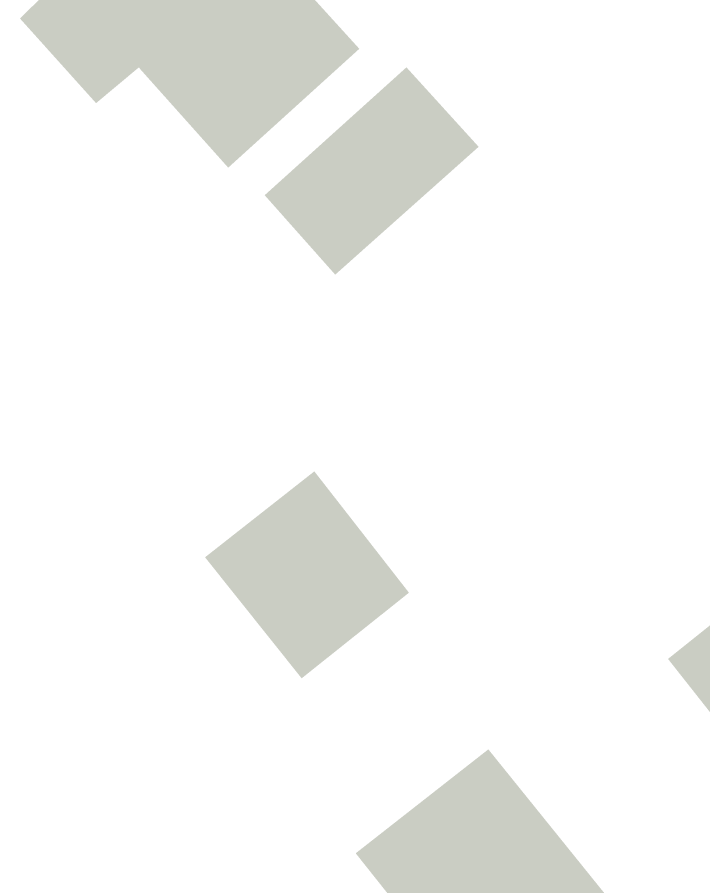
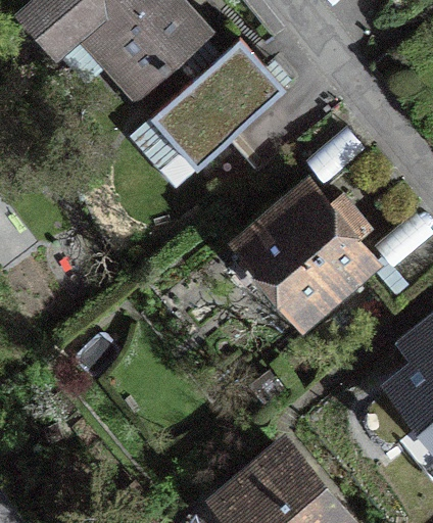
building: none -> [229,177,382,332]
building: [204,470,410,680] -> none

